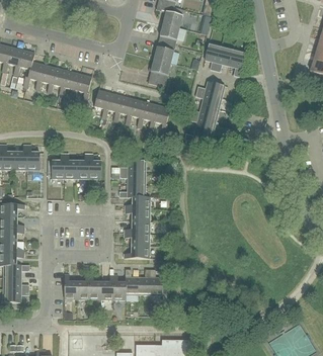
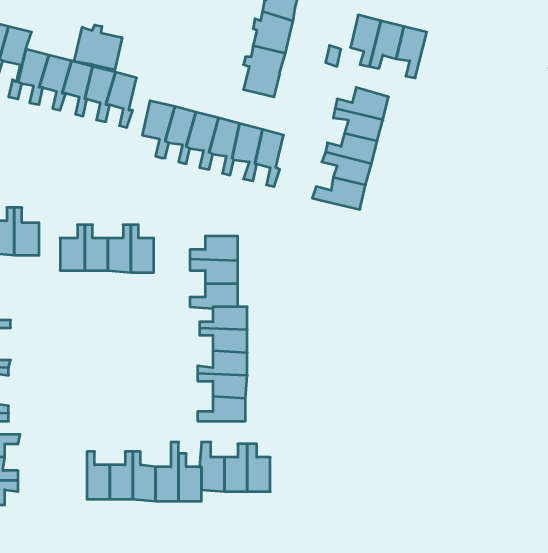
building: none -> [74,25,122,70]

